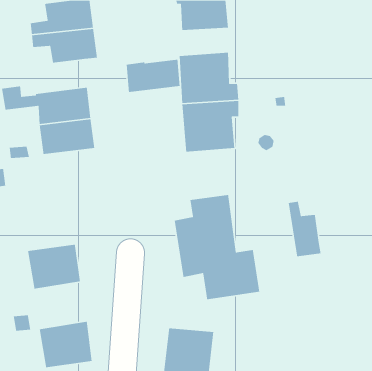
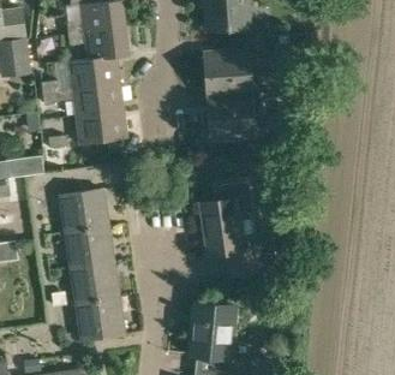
building: [126,59,181,93] -> [68,56,119,88]
building: [288,201,322,257] -> none
building: none -> [59,189,108,232]
building: none -> [70,261,119,304]

